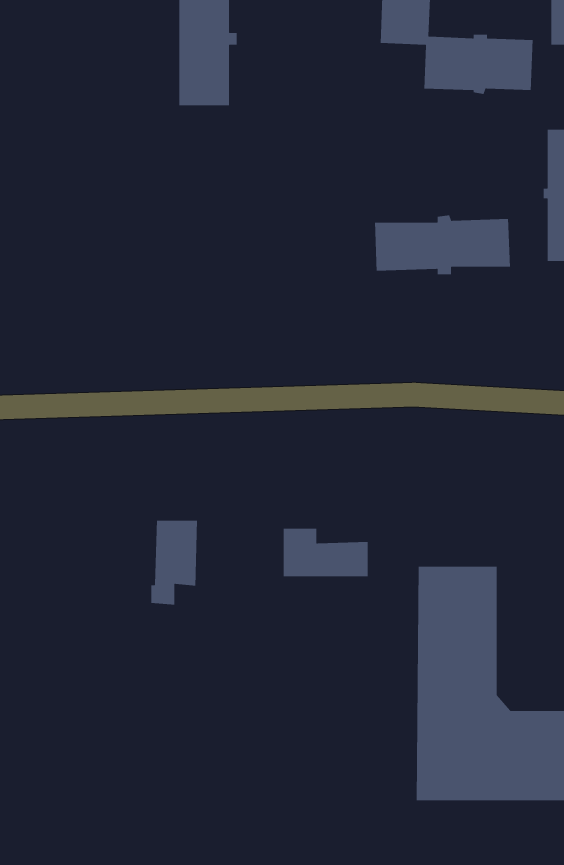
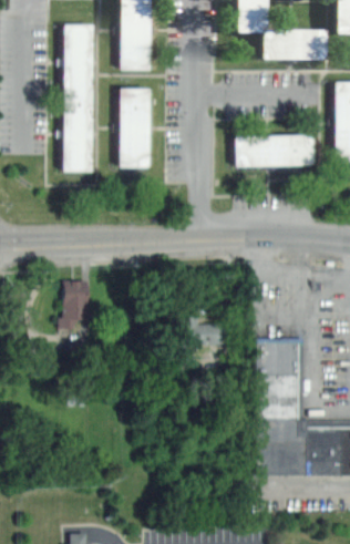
building: none -> [63,25,95,171]
building: none -> [120,89,153,166]
building: [151,520,198,605] -> [63,280,91,330]

